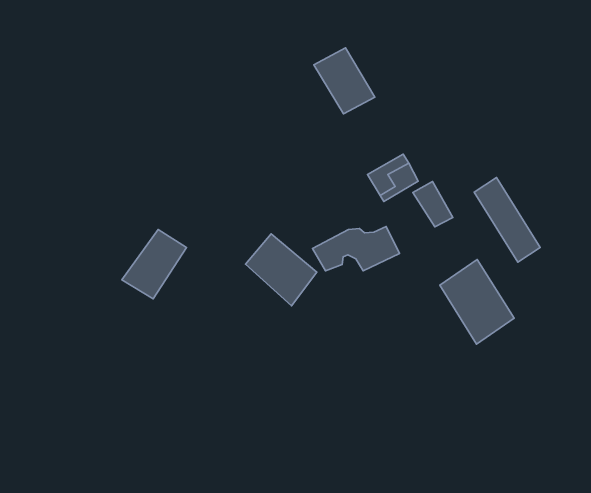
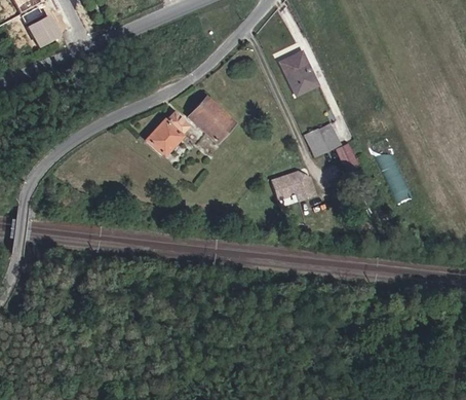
building: [122,229,186,299] -> [144,110,188,155]
building: [246,234,317,306] -> [193,96,239,144]
building: [440,259,514,344] -> none

